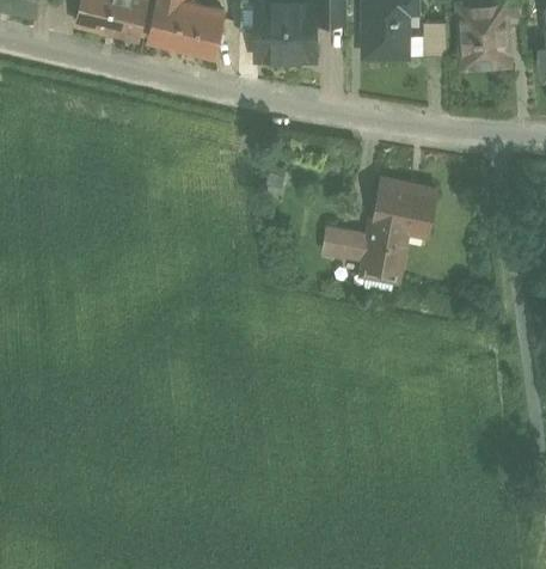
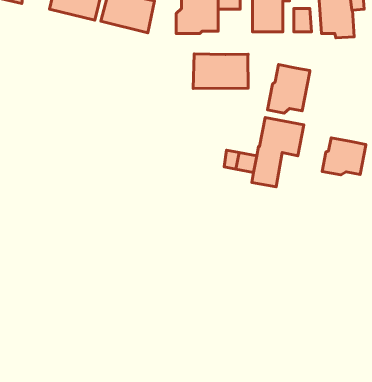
building: none -> [193,54,248,88]
building: none -> [267,65,310,113]
building: none -> [322,138,366,175]

